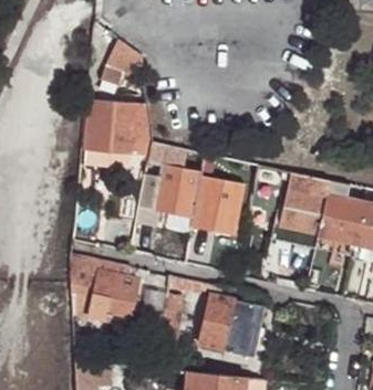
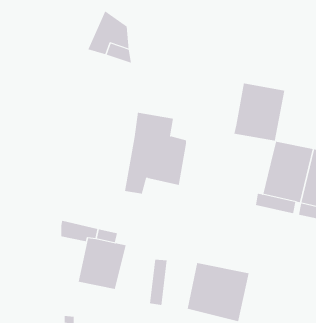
building: [85,99,151,169] -> none
building: [191,176,245,235] -> [233,83,285,141]

